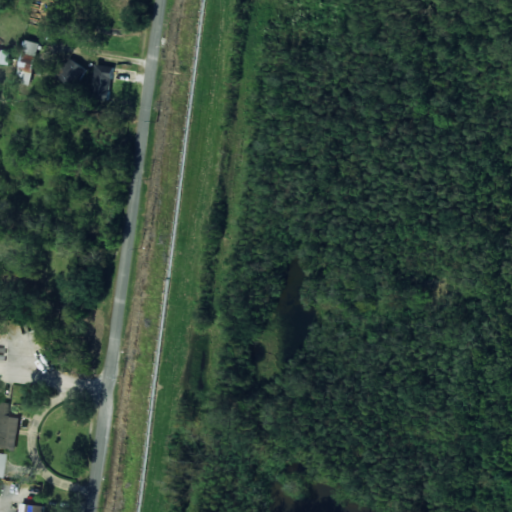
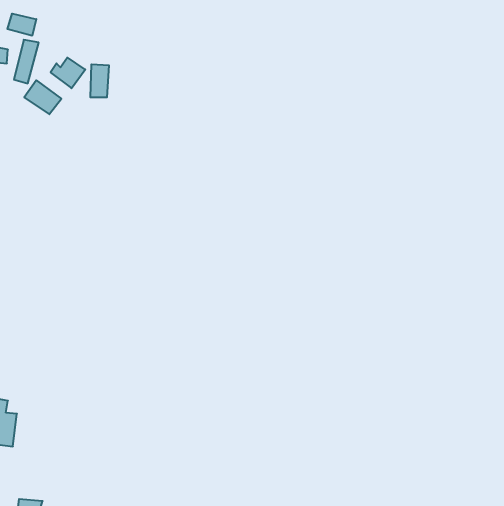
building: none -> [7,14,36,36]
building: none -> [24,80,61,114]

